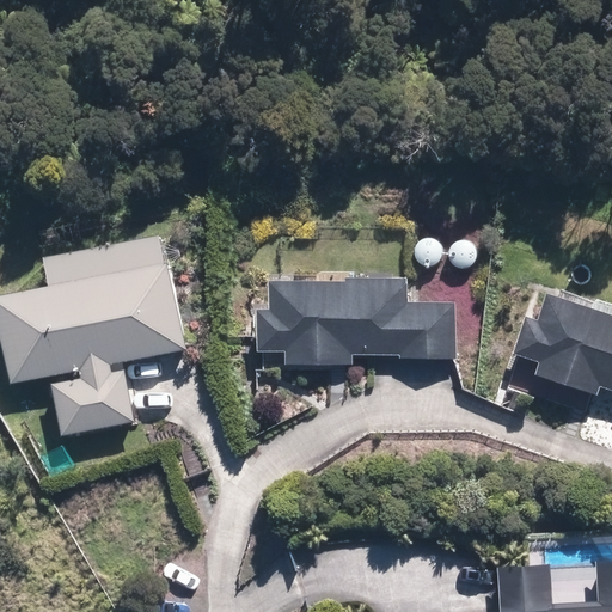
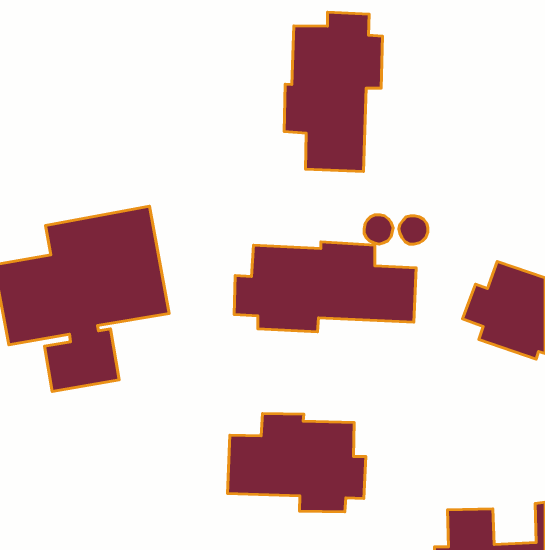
building: none -> [284,12,382,172]
building: none -> [227,414,366,512]

